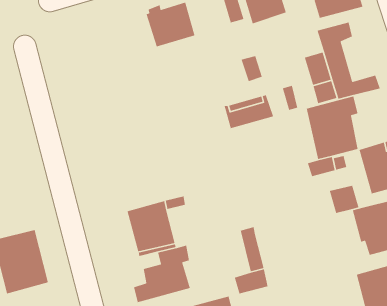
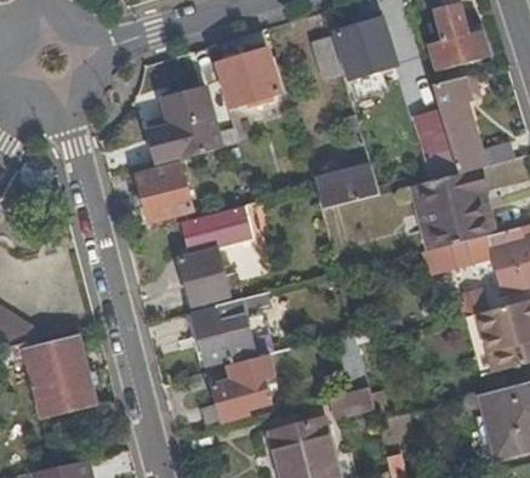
building: none -> [152,92,222,165]
building: none -> [135,165,190,223]
building: none -> [178,206,252,307]

